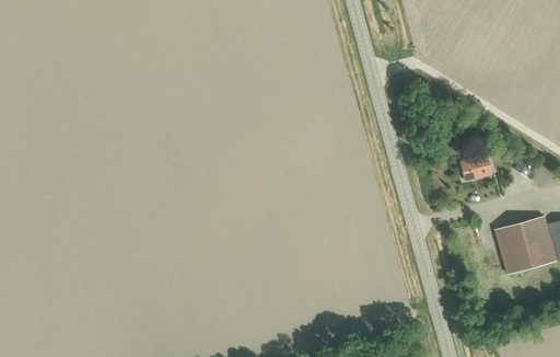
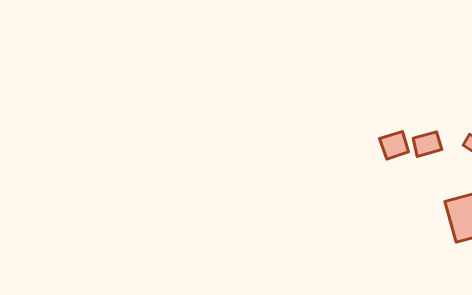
building: none -> [379,132,408,159]

